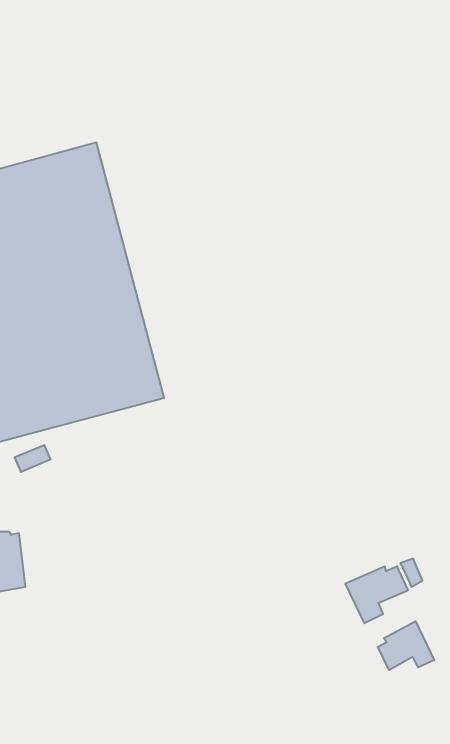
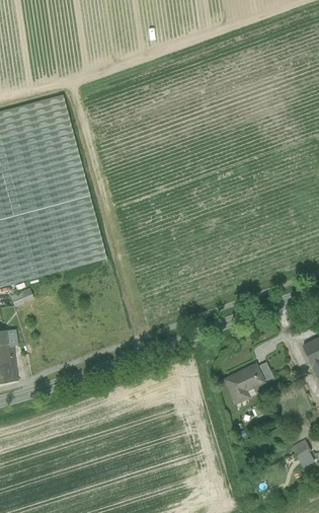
building: [378,621,434,670] -> none

